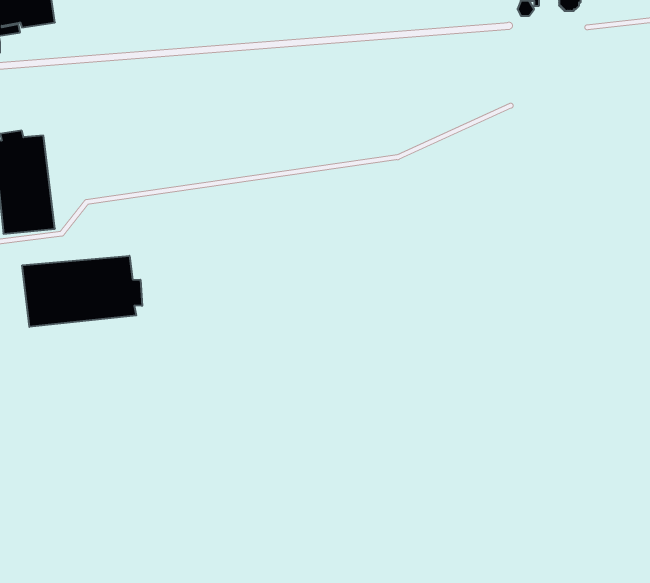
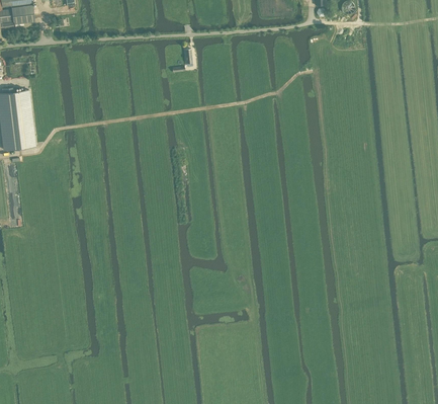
building: [22,256,142,327] -> none

